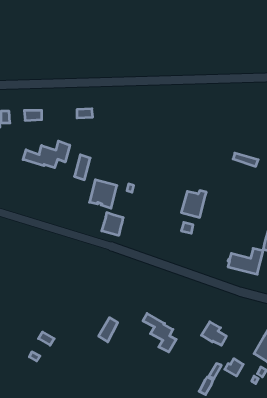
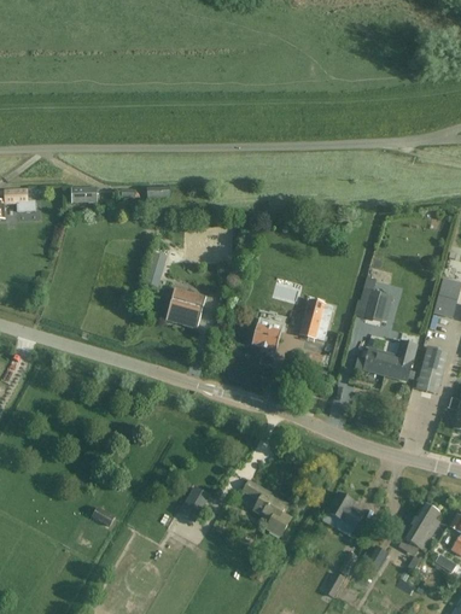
building: [23,141,70,168] -> none
building: none -> [355,288,393,323]
building: [102,213,123,235] -> [251,317,282,350]
building: [228,248,263,274] -> [364,341,415,379]

